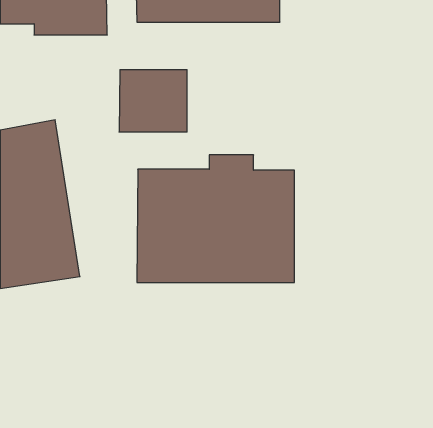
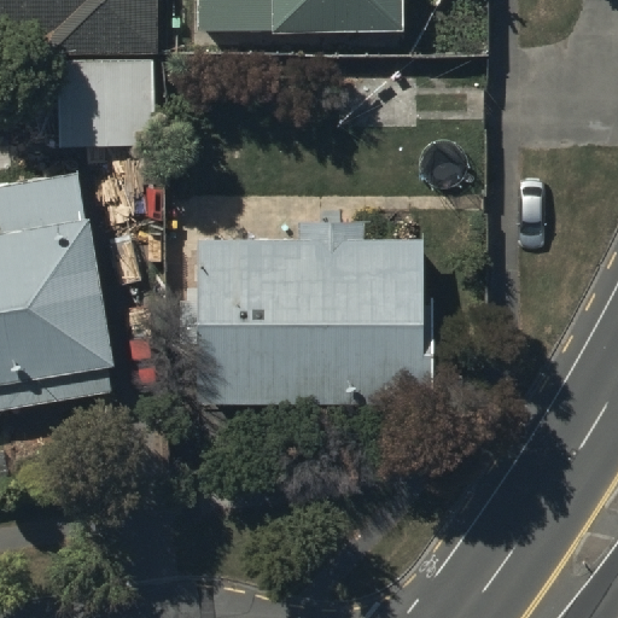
building: [119,70,187,132] -> [58,56,154,144]

